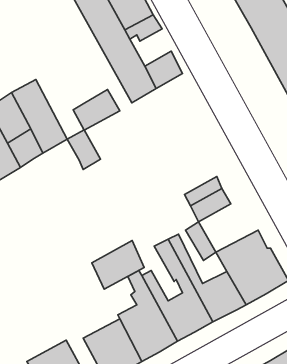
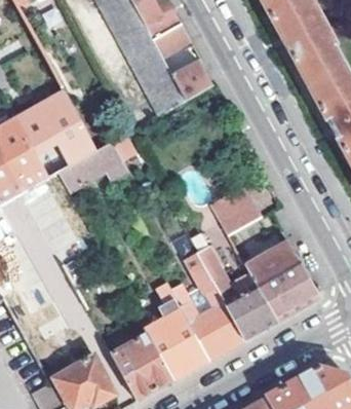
building: [73,90,120,130] -> [60,151,107,192]
building: [92,240,144,289] -> none

